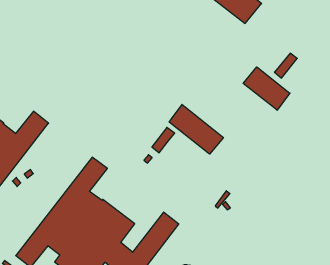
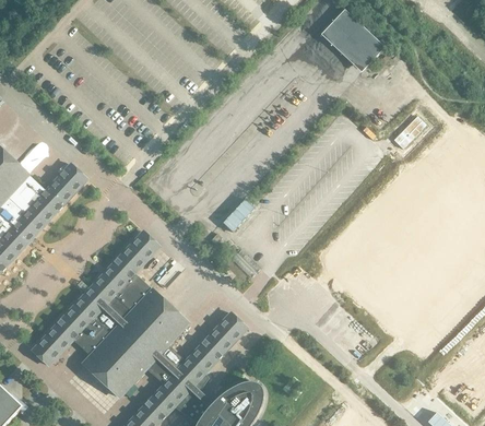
building: [243,67,290,110] -> none
building: [169,104,223,154] -> none

